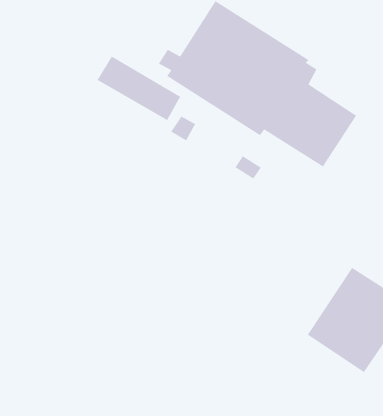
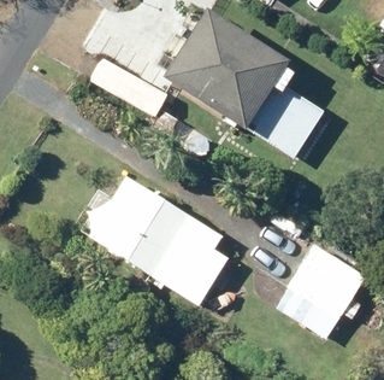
building: none -> [90,177,234,304]

